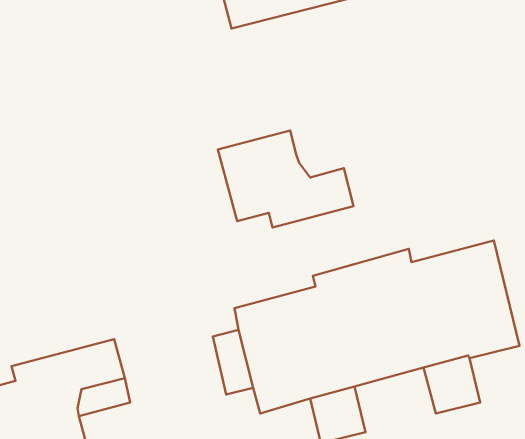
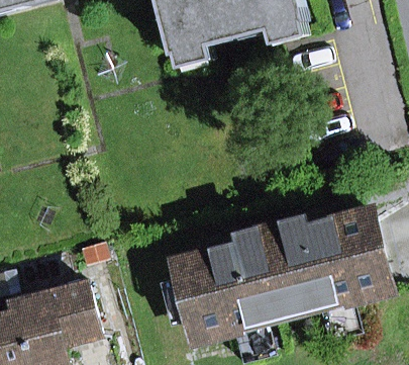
building: [218,131,353,227] -> none

